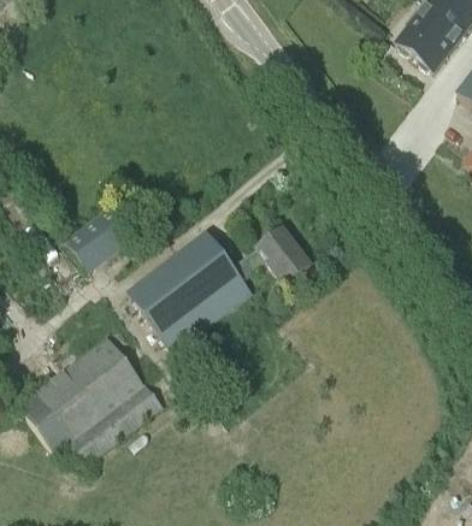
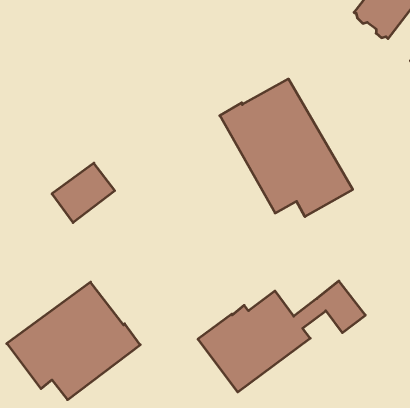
building: none -> [220,79,353,217]
building: [128,227,311,349] -> [198,281,365,392]

